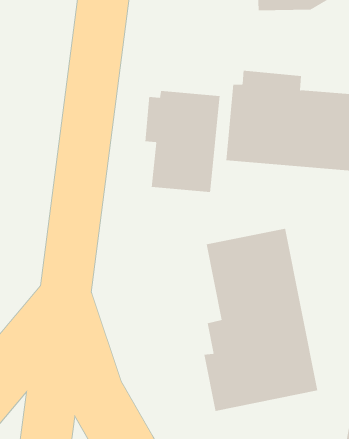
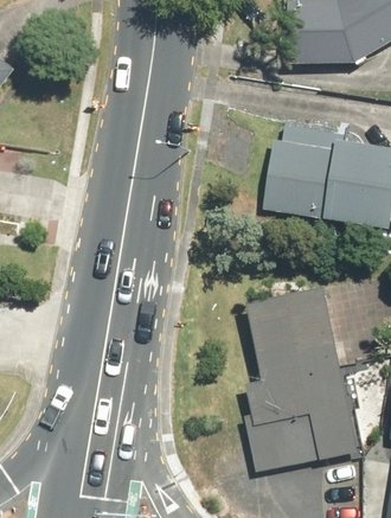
building: [145,90,220,193] -> none

